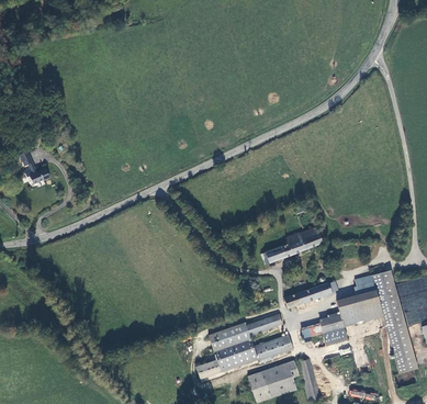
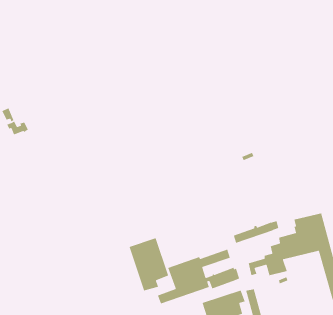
building: [262,226,323,265] -> none
building: none -> [128,237,169,292]

